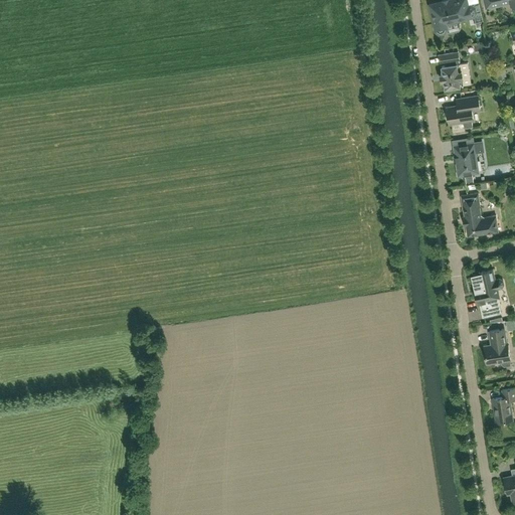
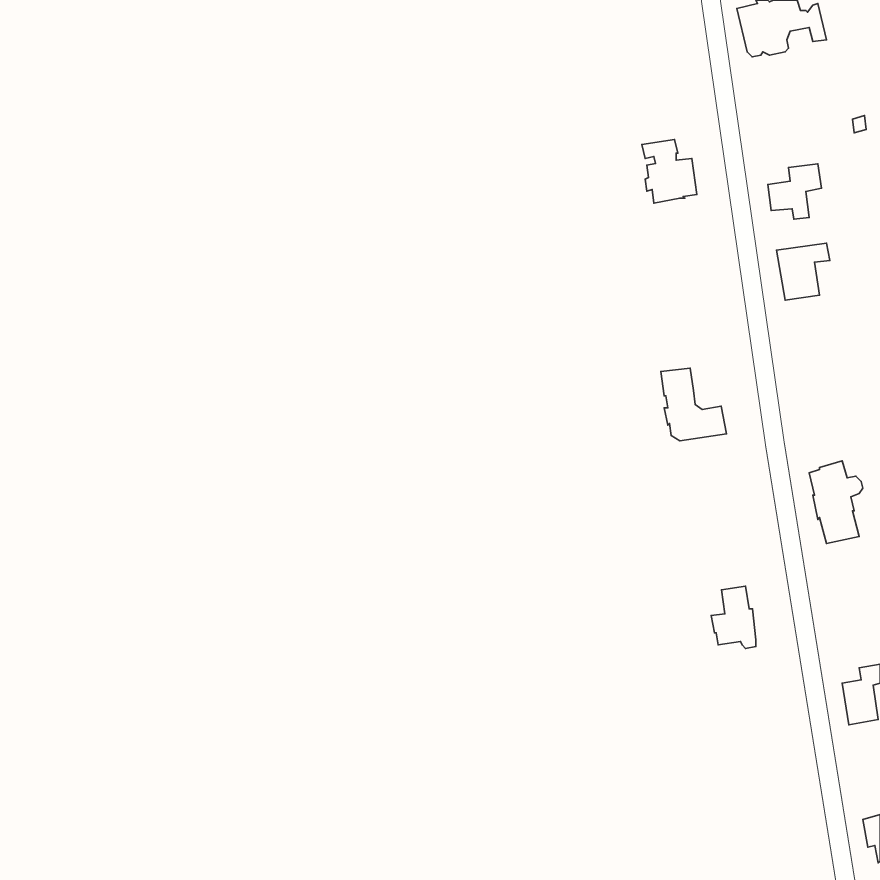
building: [438,52,470,90] -> [642,139,697,203]
building: [460,194,498,236] -> [661,368,726,441]
building: [483,330,509,366] -> [711,586,756,648]

